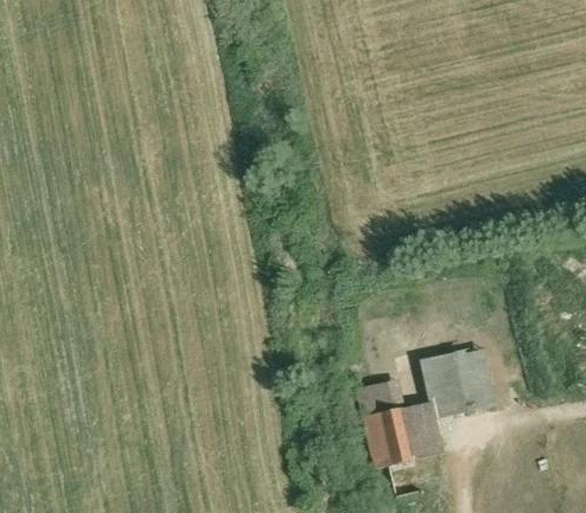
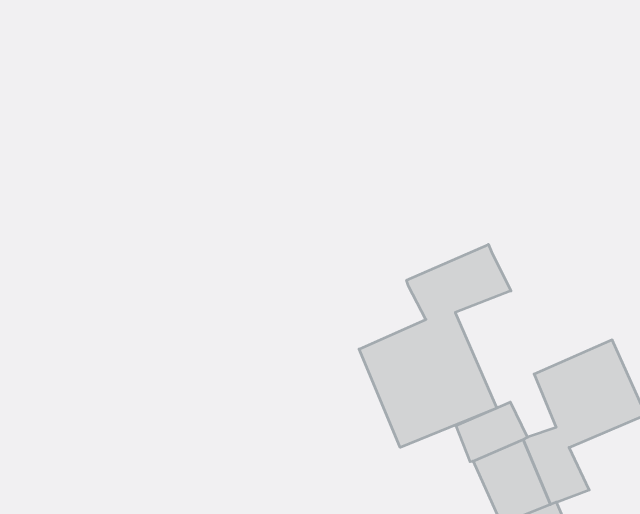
building: none -> [359,244,511,447]

